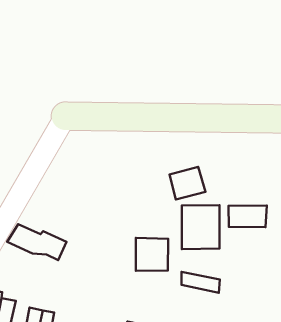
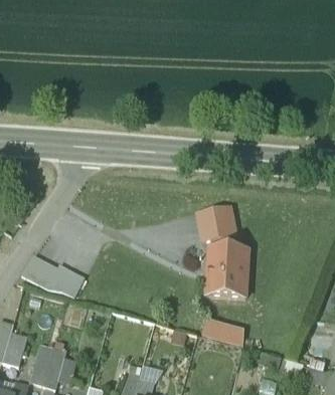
building: [229,206,267,227] -> none
building: [136,238,168,271] -> none

